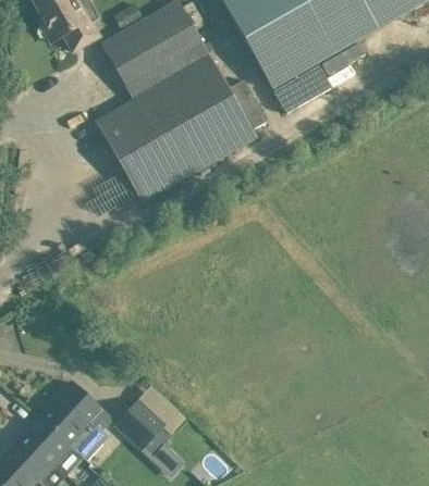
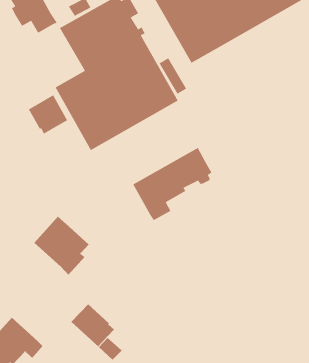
building: [273,63,332,112] -> none
building: none -> [28,94,68,135]
building: none -> [132,147,212,221]
building: [40,383,113,460] -> [33,216,90,275]

